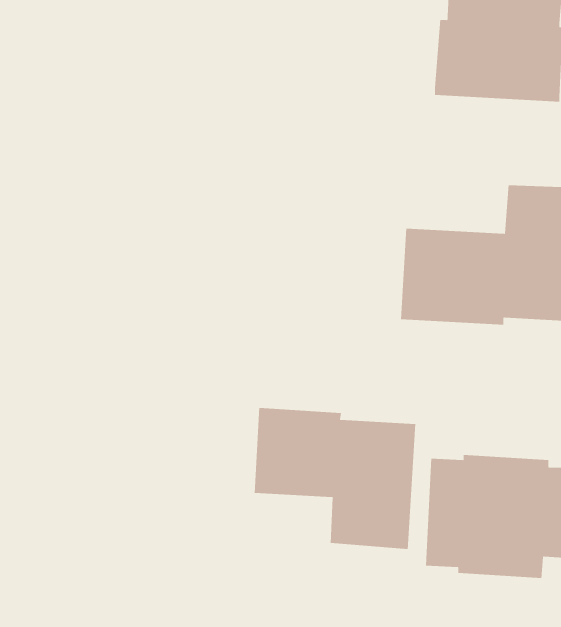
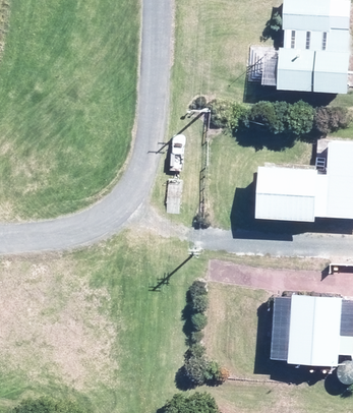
building: [254,407,416,550] -> none

